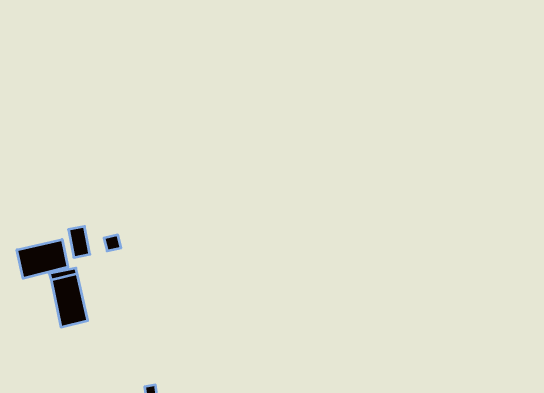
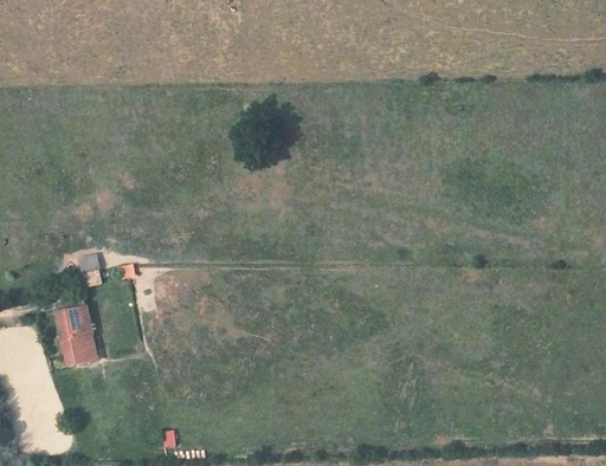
building: [17,239,68,278] -> none

